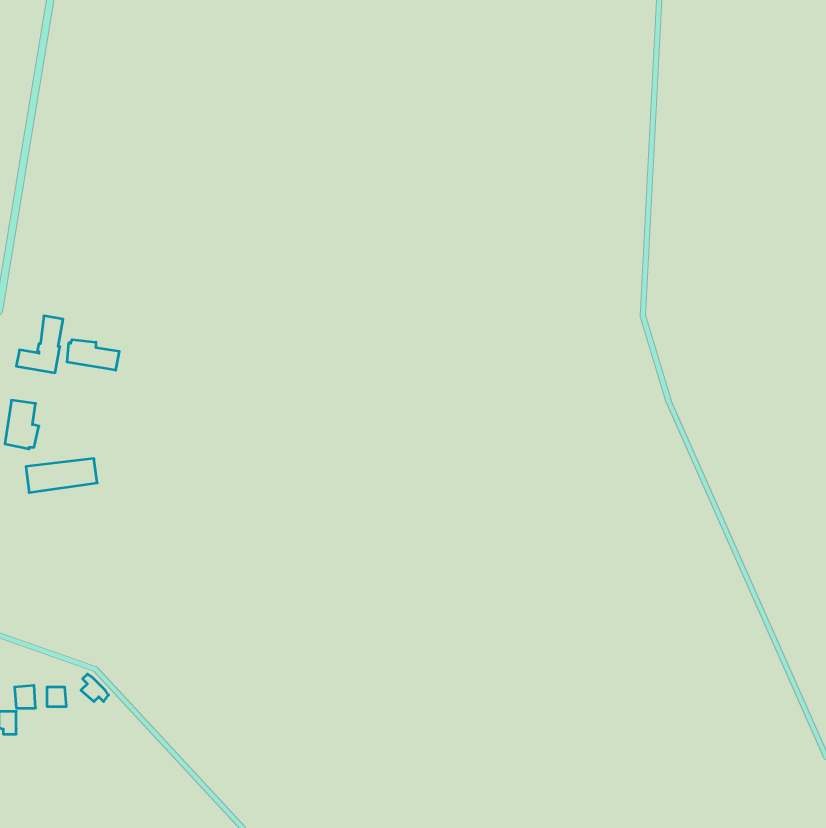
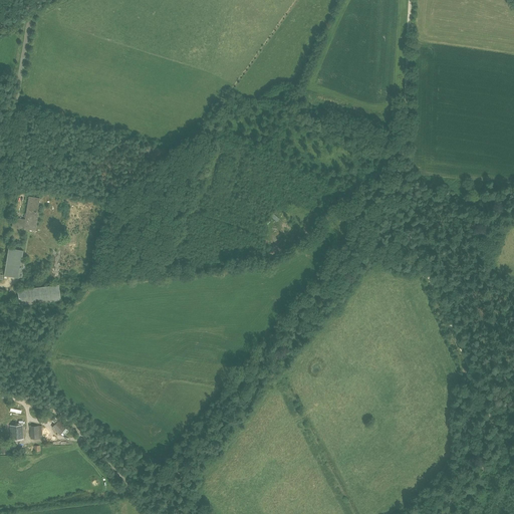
building: [67,340,119,370] -> none

